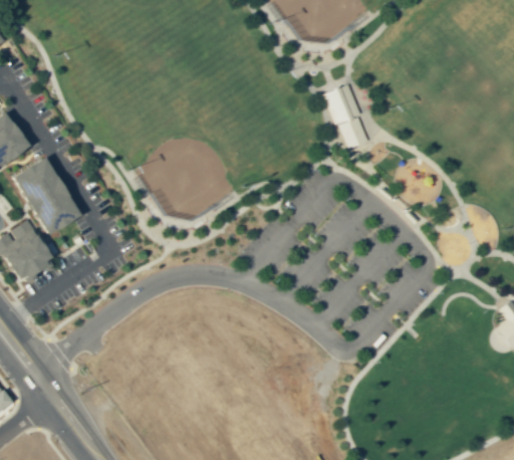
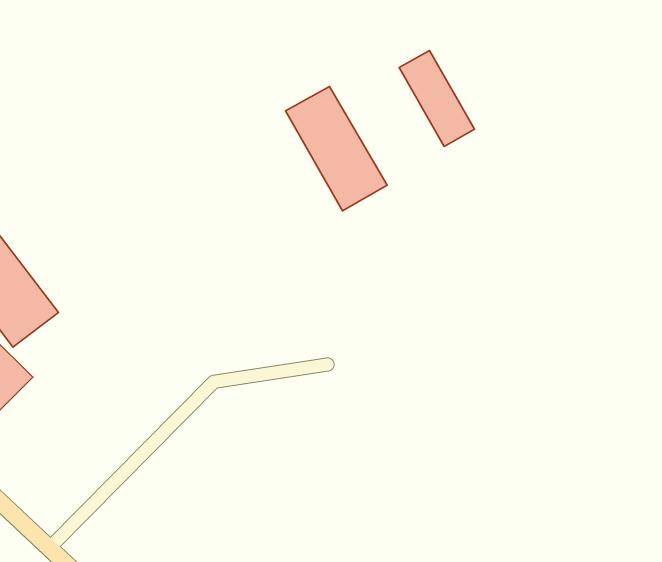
building: none -> [285,86,387,211]

